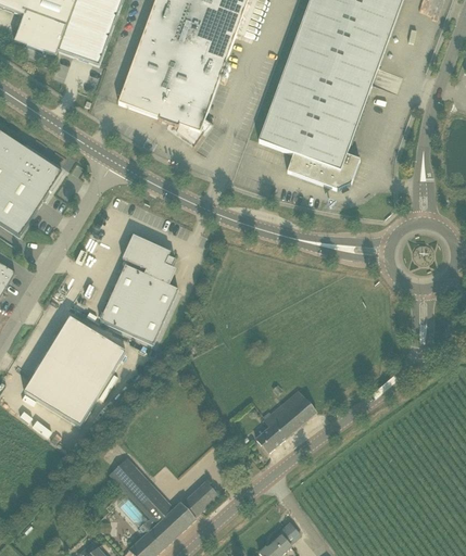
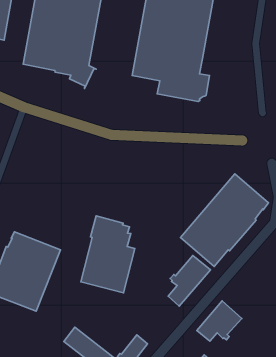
building: [100,237,178,343] -> [81,216,135,293]
building: none -> [181,174,268,266]
building: none -> [197,301,242,341]

